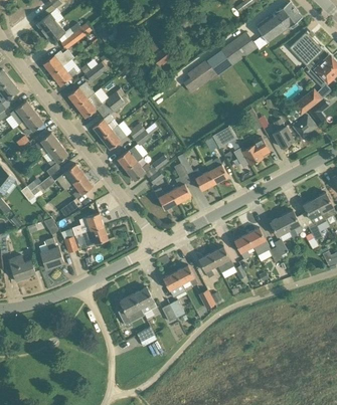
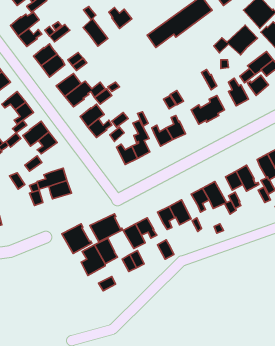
building: none -> [83,7,108,46]
building: none -> [214,25,258,55]
building: [40,237,63,268] -> none
building: none -> [90,214,123,242]
building: none -> [62,224,92,254]

